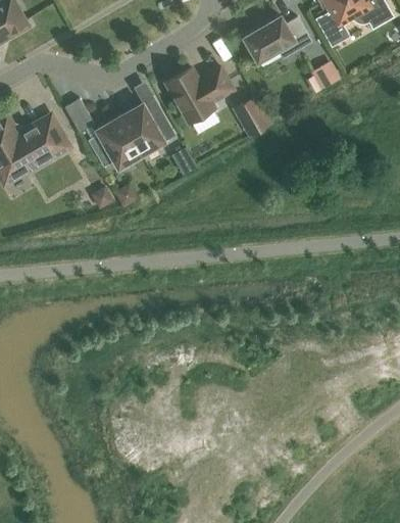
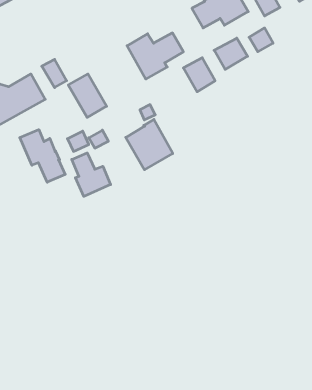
building: none -> [214,38,248,69]
building: [119,94,176,154] -> [126,119,173,170]
building: none -> [20,130,65,182]
building: none -> [72,153,111,196]

